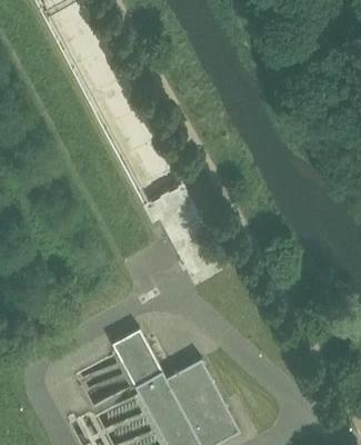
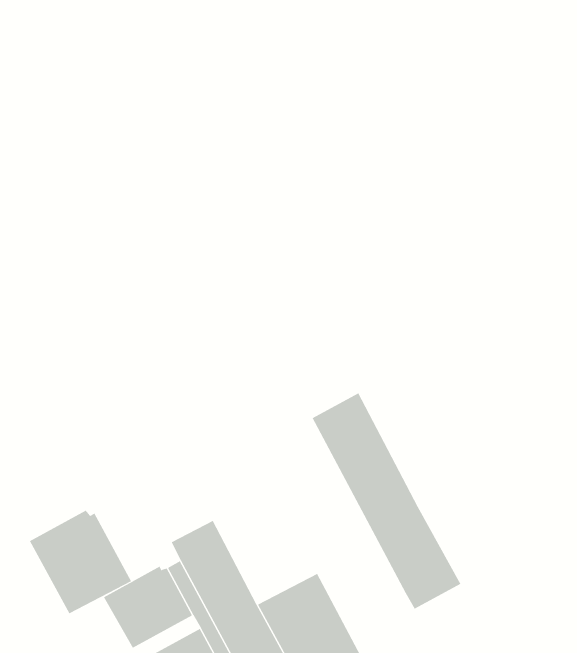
building: none -> [312,393,461,610]
building: none -> [29,510,132,614]

